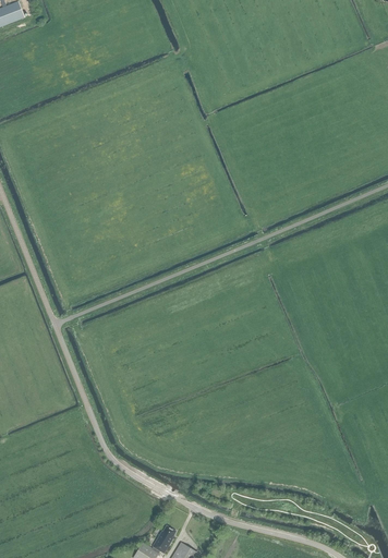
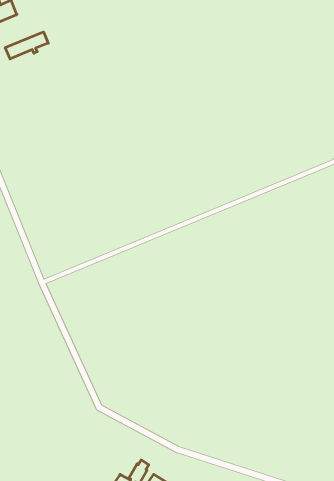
building: none -> [5,32,48,59]

